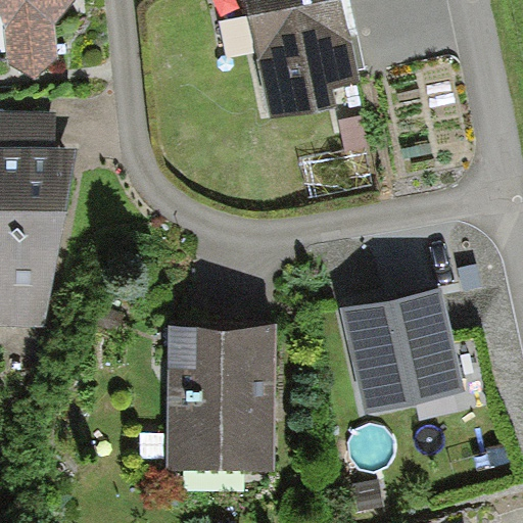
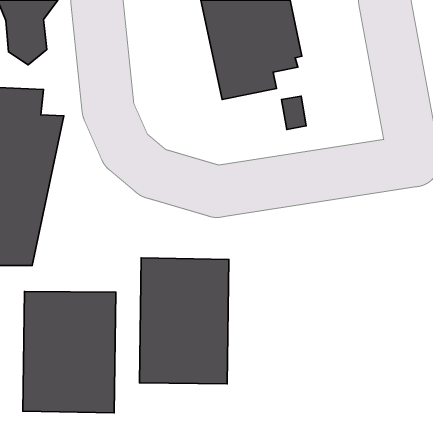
building: [339,283,463,407] -> none
building: none -> [23,292,116,413]

